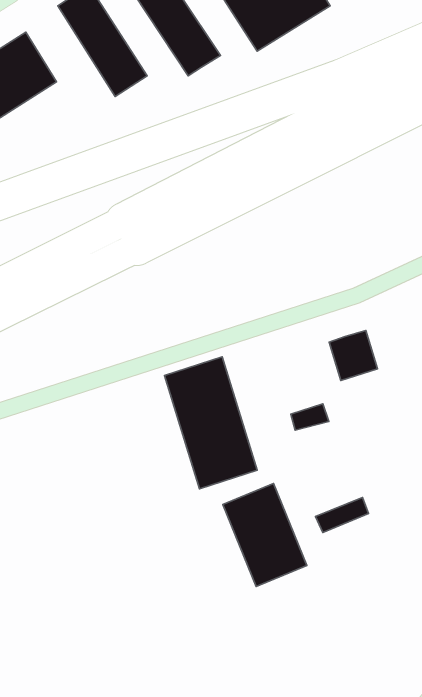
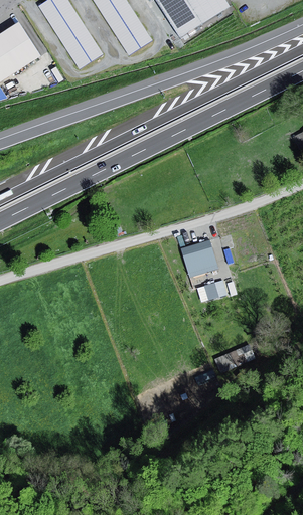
building: [329,331,377,380] -> [184,238,217,273]
building: [165,357,257,489] -> none
building: [223,483,307,587] -> none

